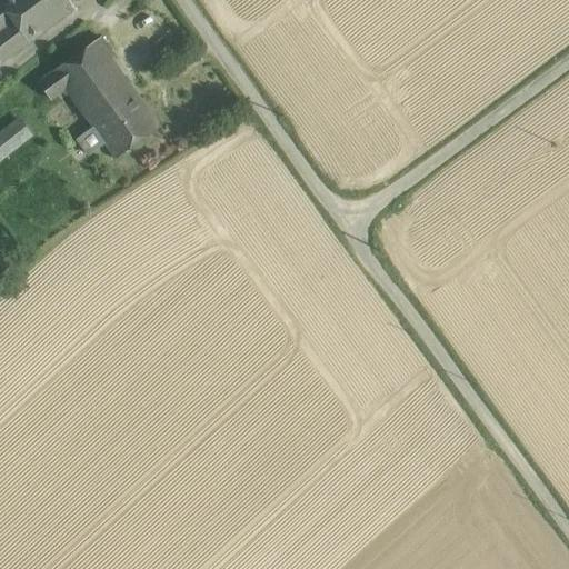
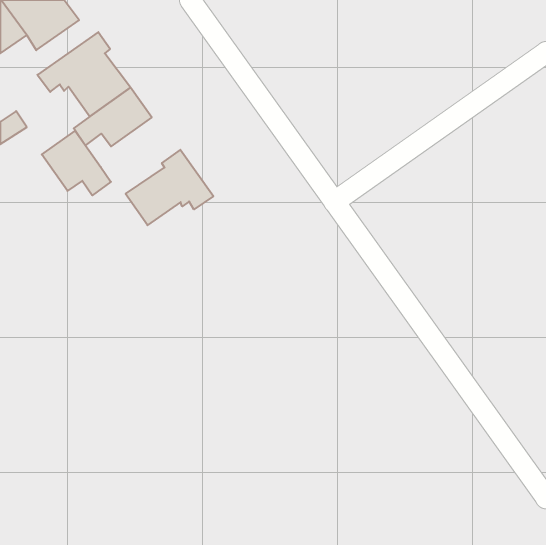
building: none -> [42,131,111,195]
building: none -> [126,150,213,225]

